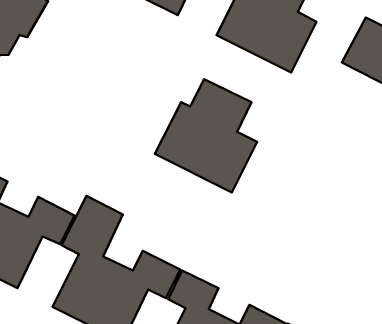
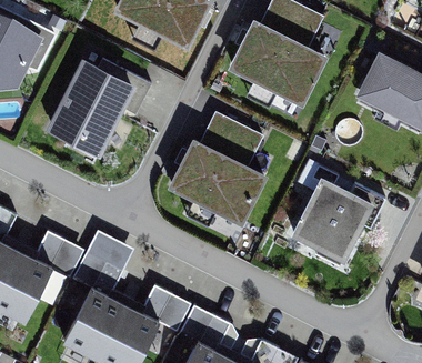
building: none -> [46,58,151,159]
building: none -> [290,178,386,264]

